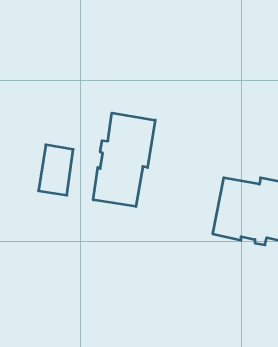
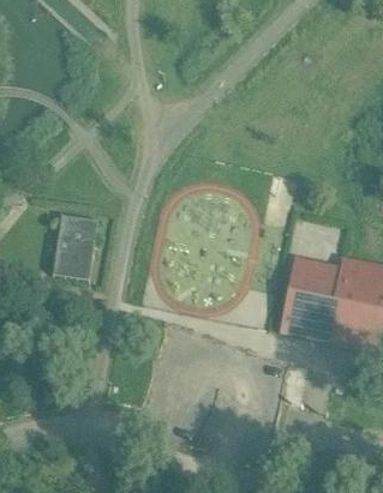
building: [93,113,155,207] -> none

